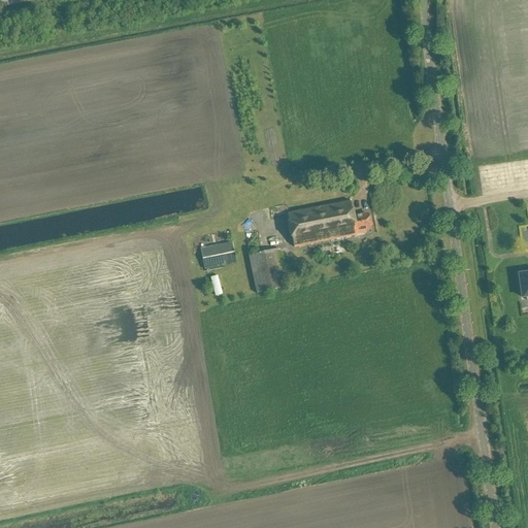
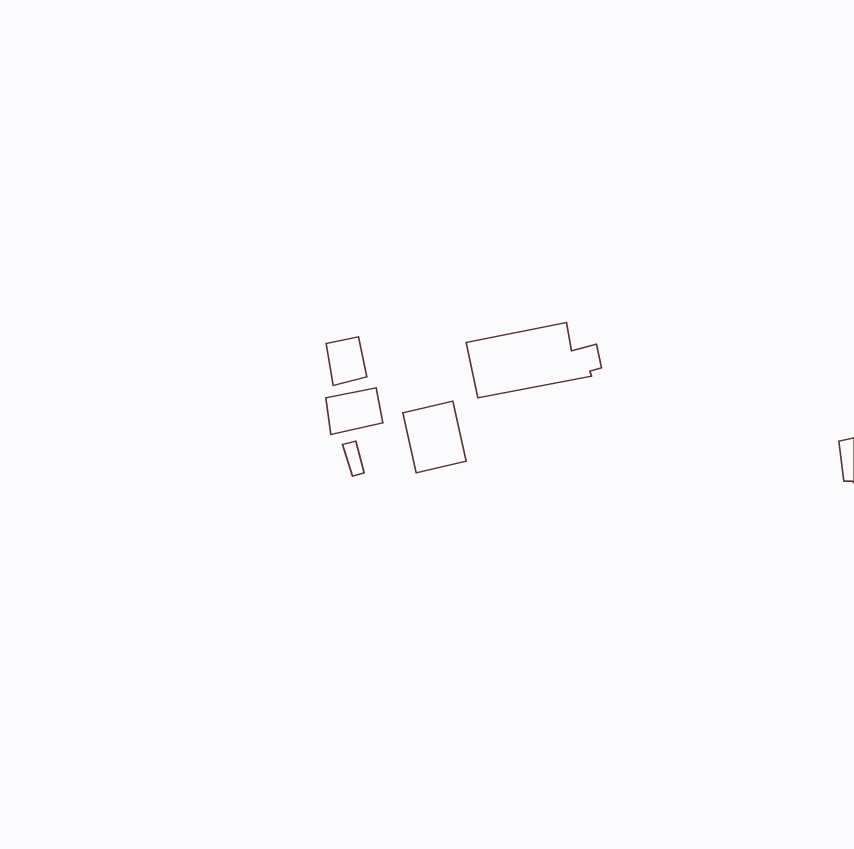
building: none -> [326,337,367,385]

